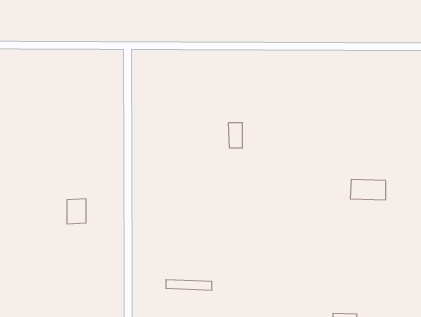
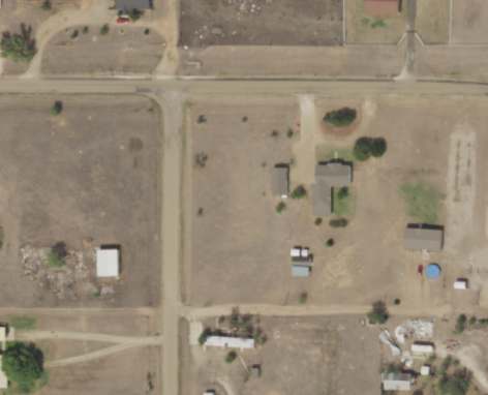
building: none -> [313,163,349,215]

